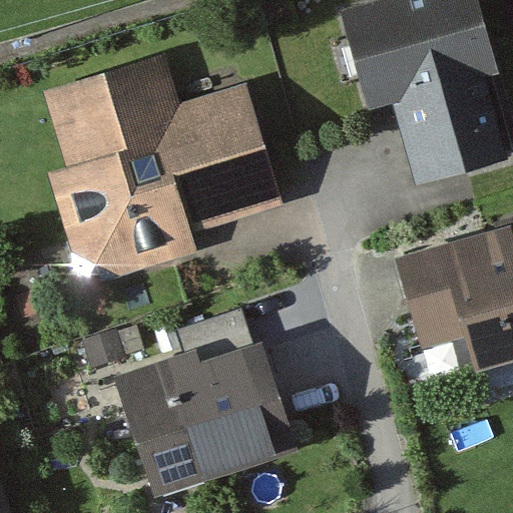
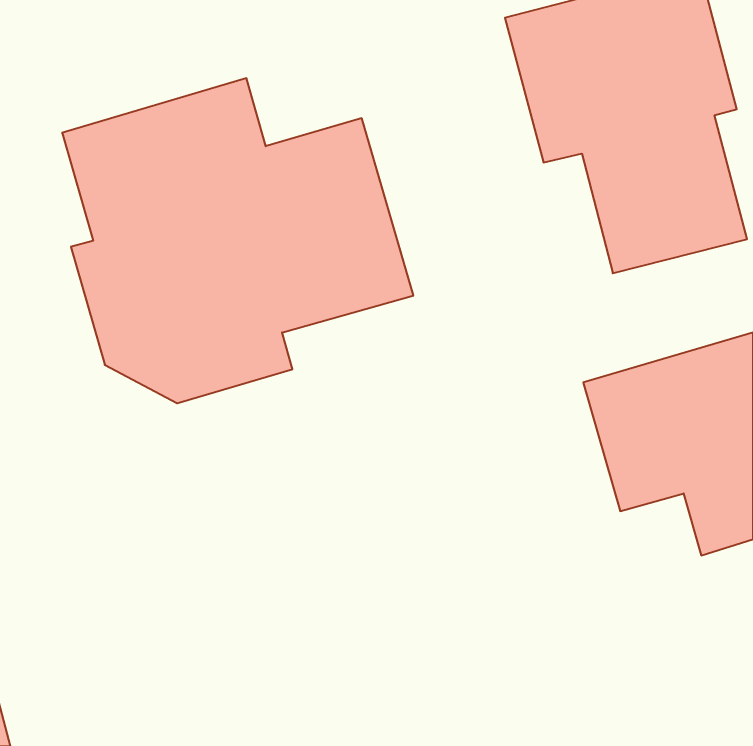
building: [116,346,298,495] -> none

